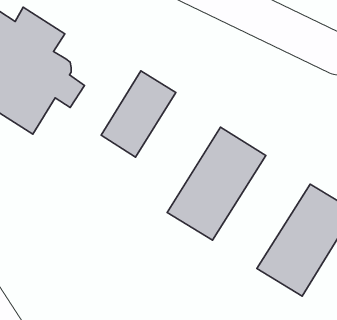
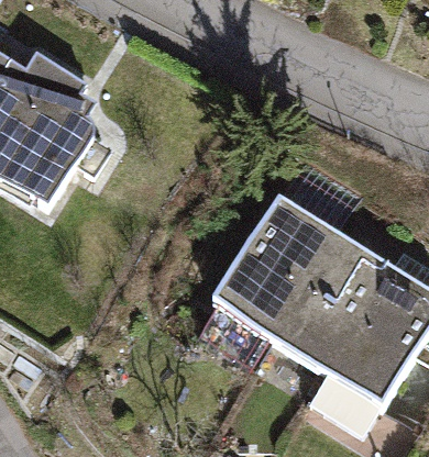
building: [101,71,176,157] -> none
building: none -> [266,233,387,372]

